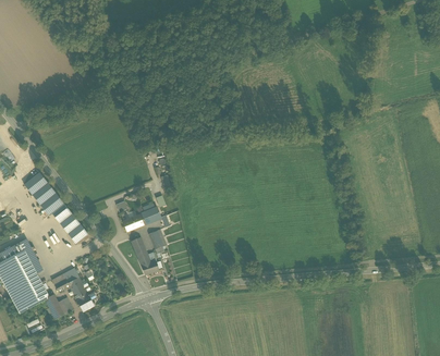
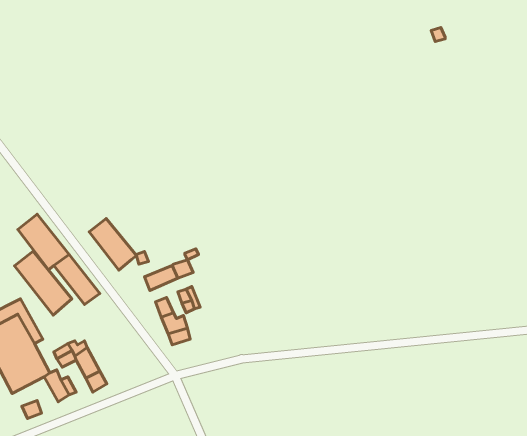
building: none -> [89,218,136,270]
building: none -> [15,251,72,315]

